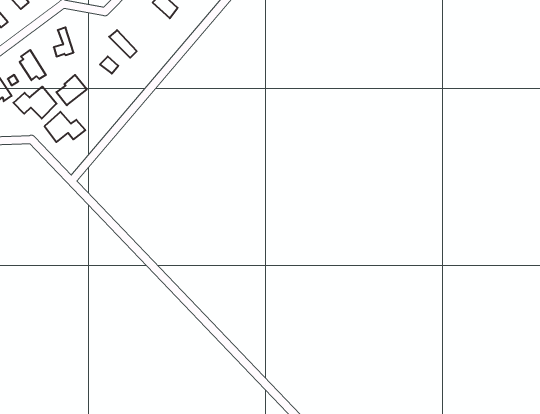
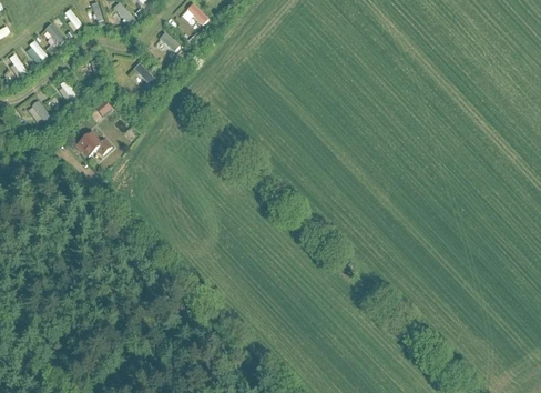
building: [13,87,57,119] -> none

